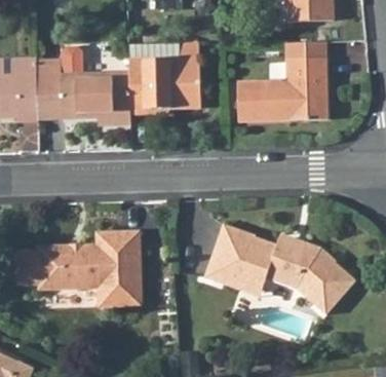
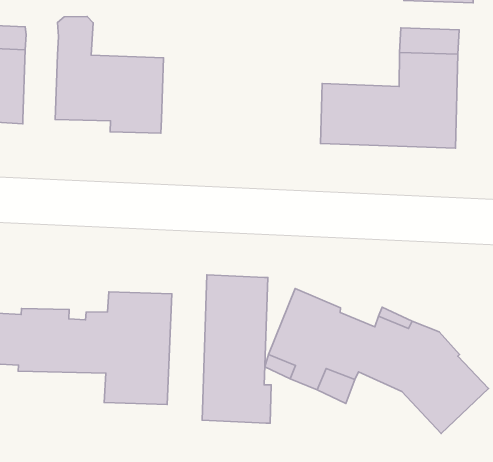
building: [126,42,198,114] -> none
building: [35,63,57,119] -> none
building: none -> [202,275,271,423]

